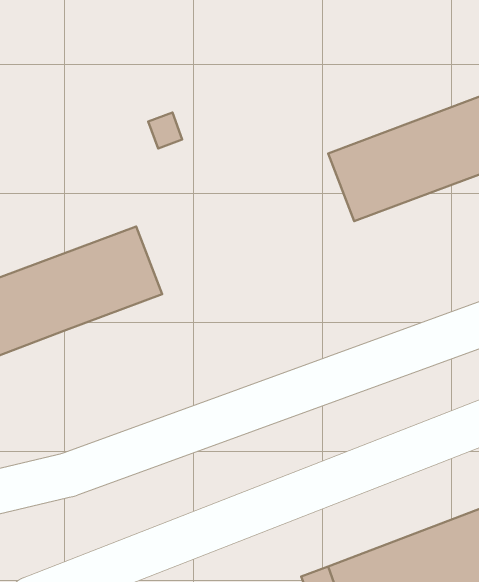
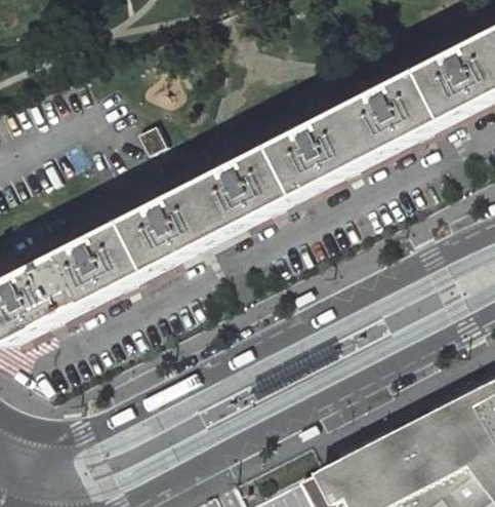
building: none -> [139,138,312,264]

